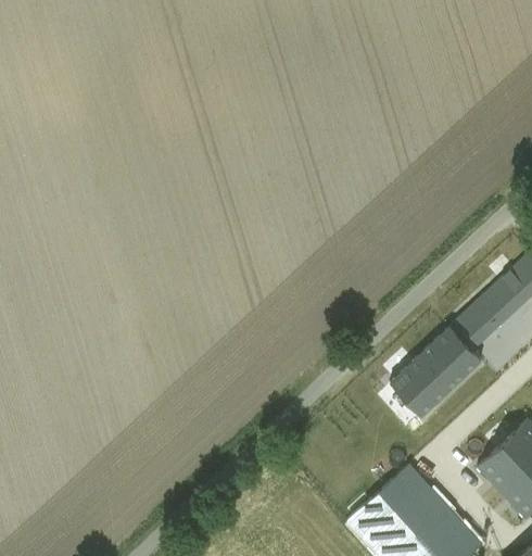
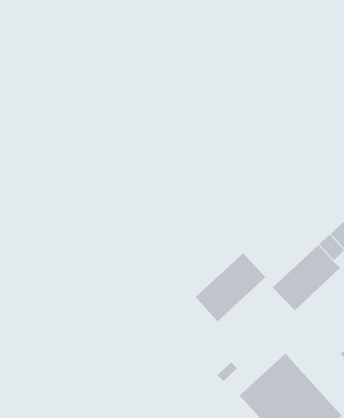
building: none -> [195,252,266,322]

